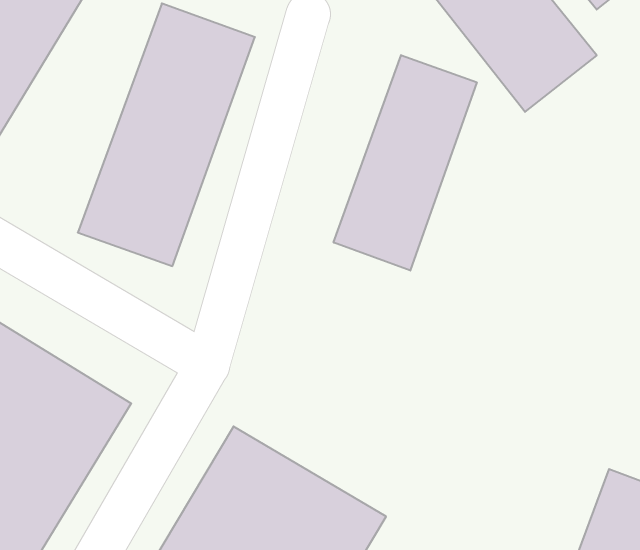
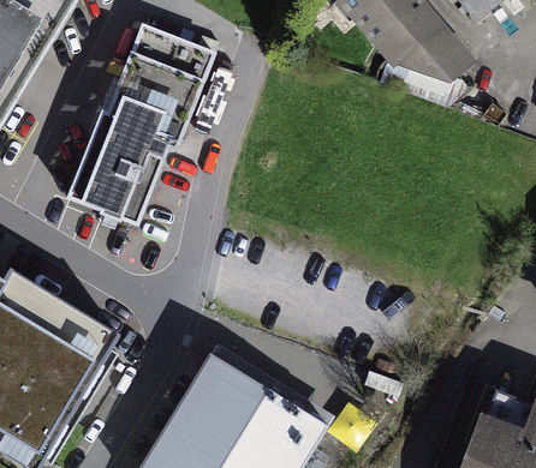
building: [334,55,477,271] -> none

